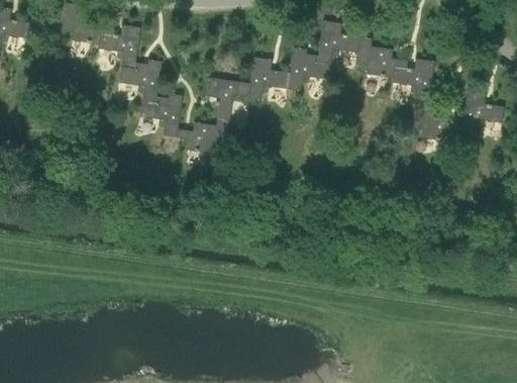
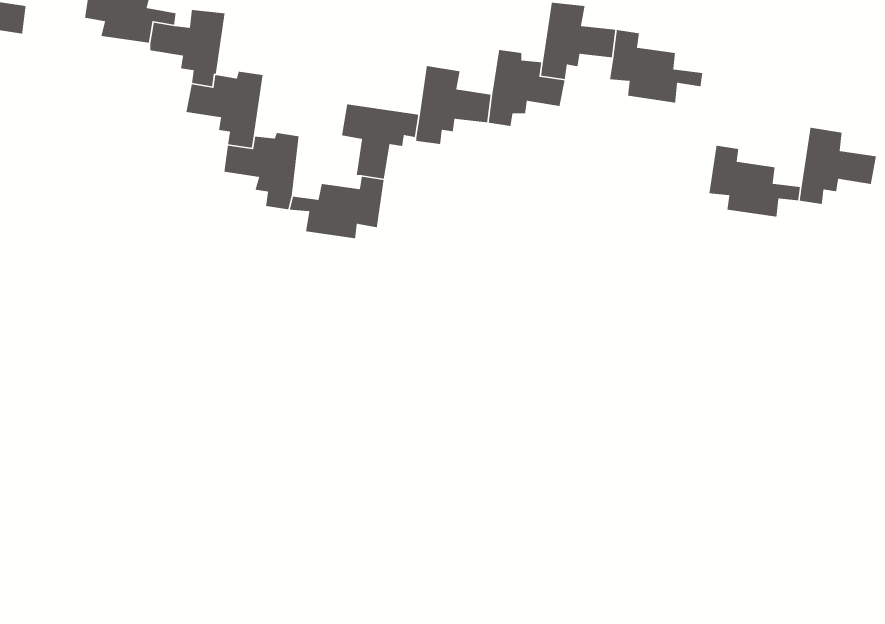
building: [391,58,433,102] -> none

